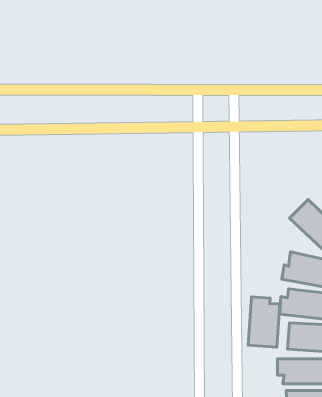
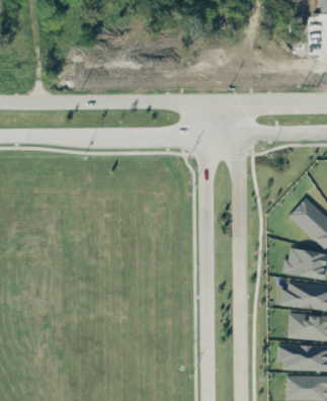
building: [248,297,280,347] -> none

